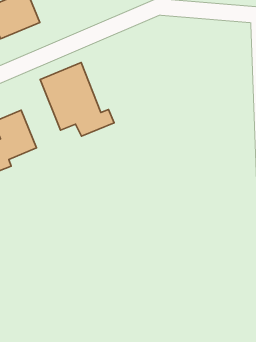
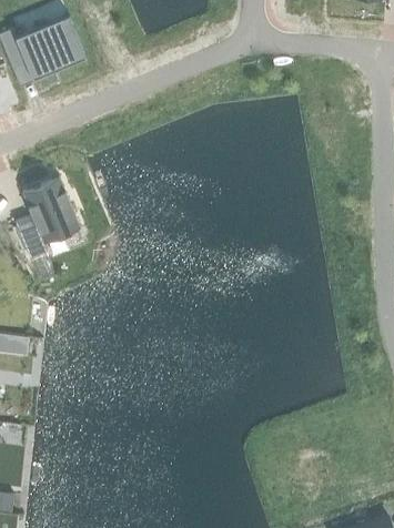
building: [40,63,114,136] -> none

